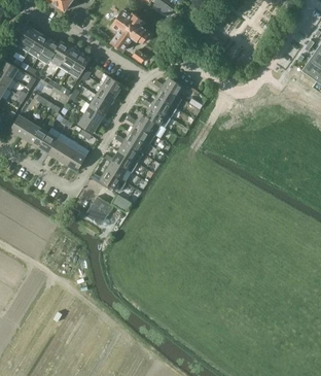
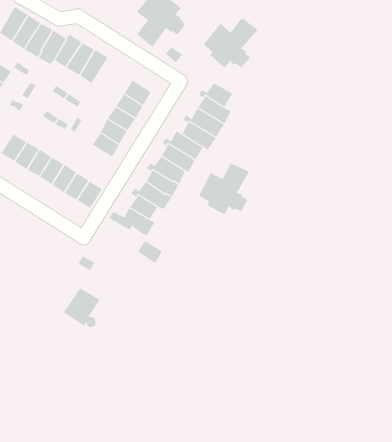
building: none -> [203,17,259,69]
building: none -> [199,162,249,215]
building: [85,197,113,227] -> [63,287,100,328]

